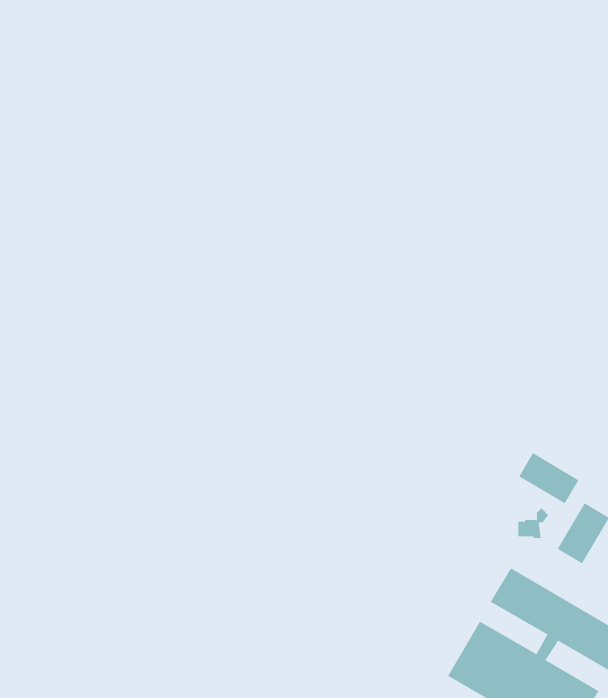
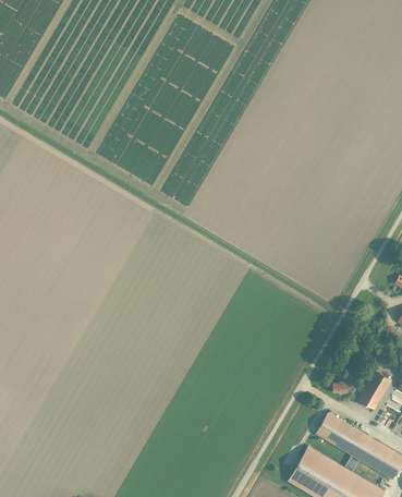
building: [519,452,579,504] -> none

